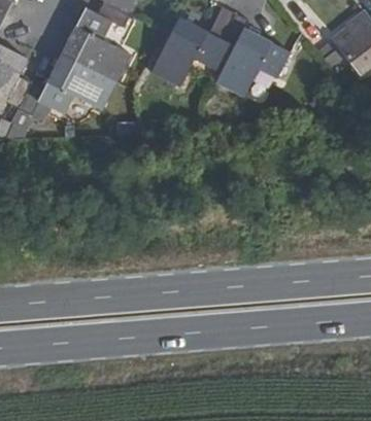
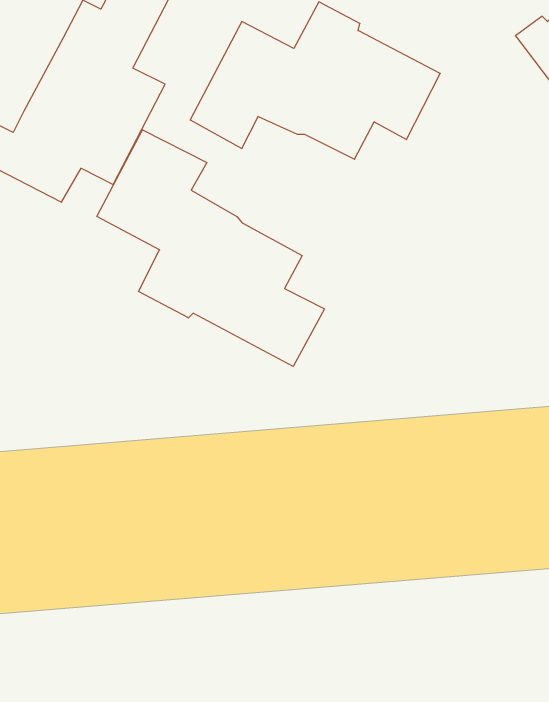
building: none -> [97,130,325,366]

